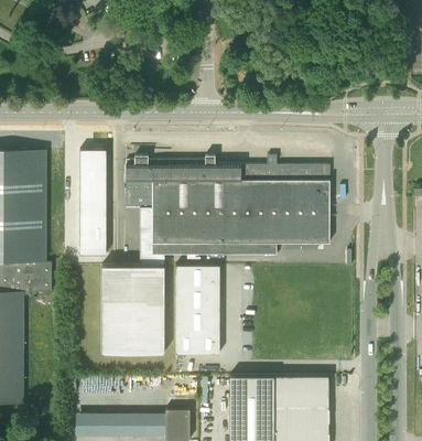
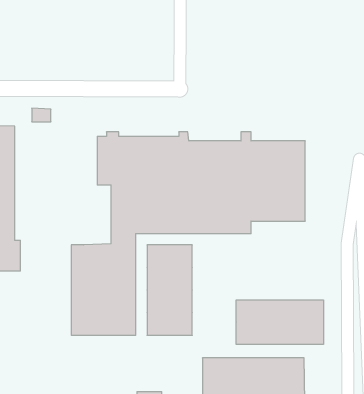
building: [79,151,106,256] -> none
building: none -> [236,300,323,344]

